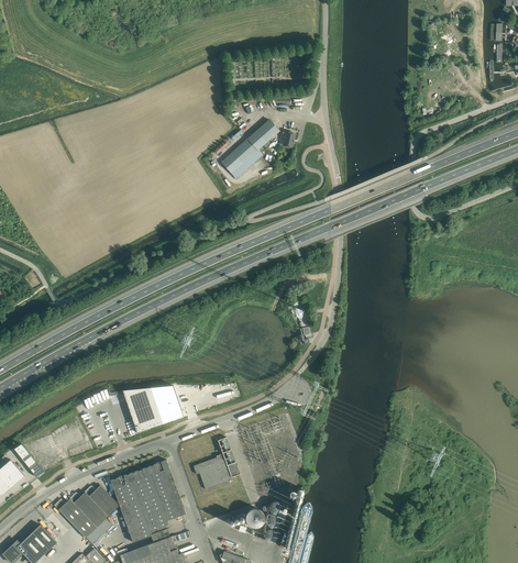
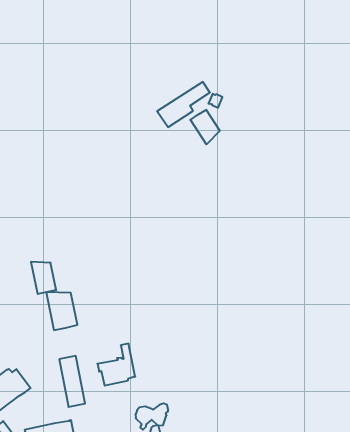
building: none -> [190,110,220,144]
building: [150,387,184,426] -> [31,262,56,294]
building: [109,467,168,543] -> none

